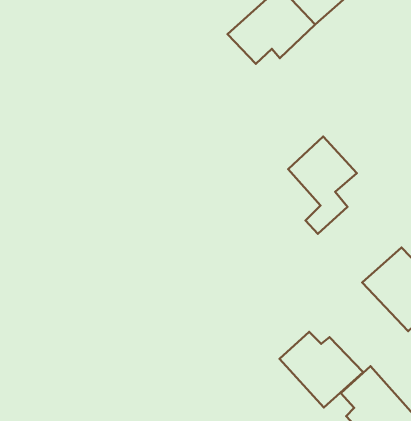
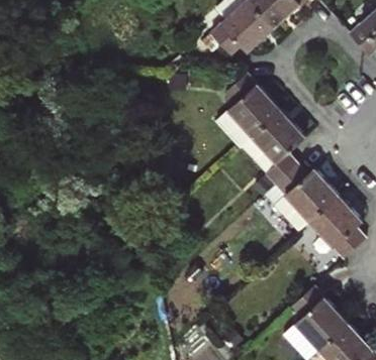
building: none -> [223,77,278,137]
building: [279,332,363,407] -> [274,165,337,222]

